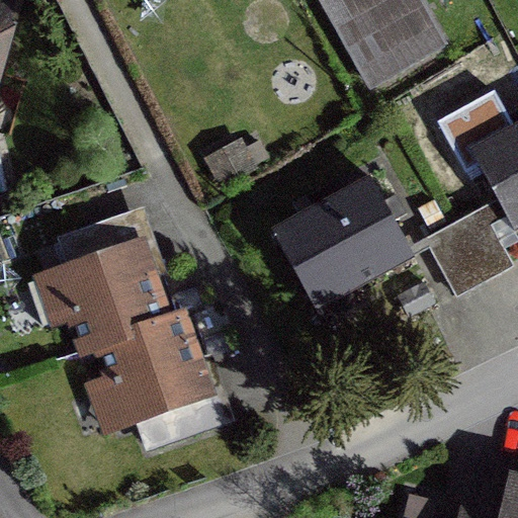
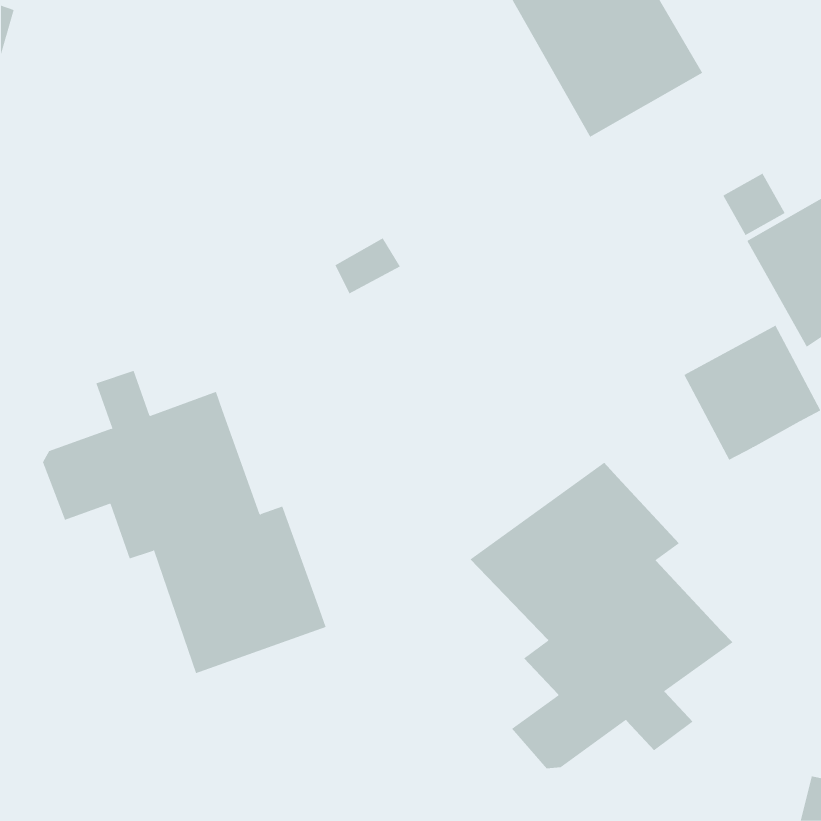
building: [272,177,414,296] -> none
building: none -> [469,462,734,769]

